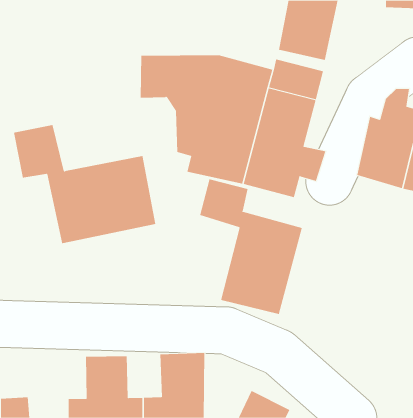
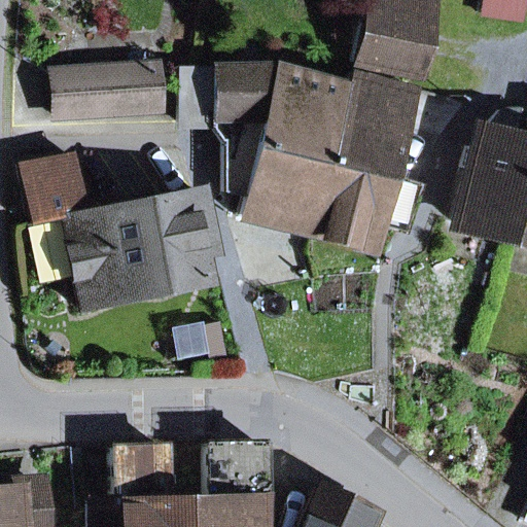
building: none -> [56,68,162,115]
building: [199,179,302,315] -> none

